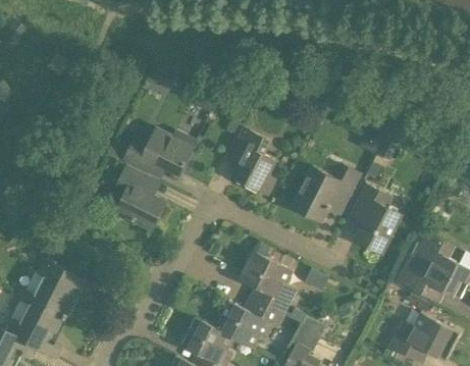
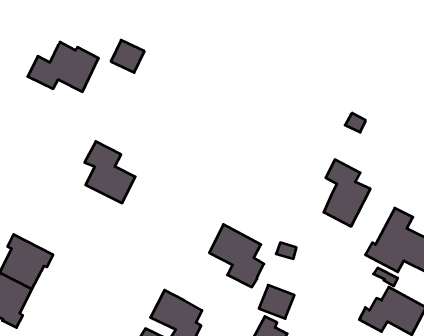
building: [122,126,194,176] -> [28,42,99,92]
building: [226,128,276,195] -> none
building: [290,165,358,223] -> none
building: [213,302,281,349] -> none

